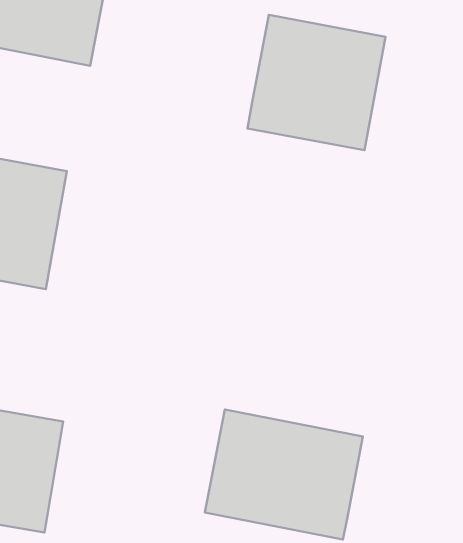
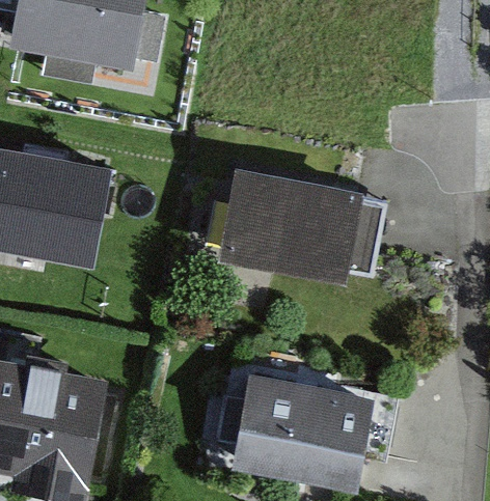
building: [248,15,386,150] -> none
building: none -> [221,175,386,279]

